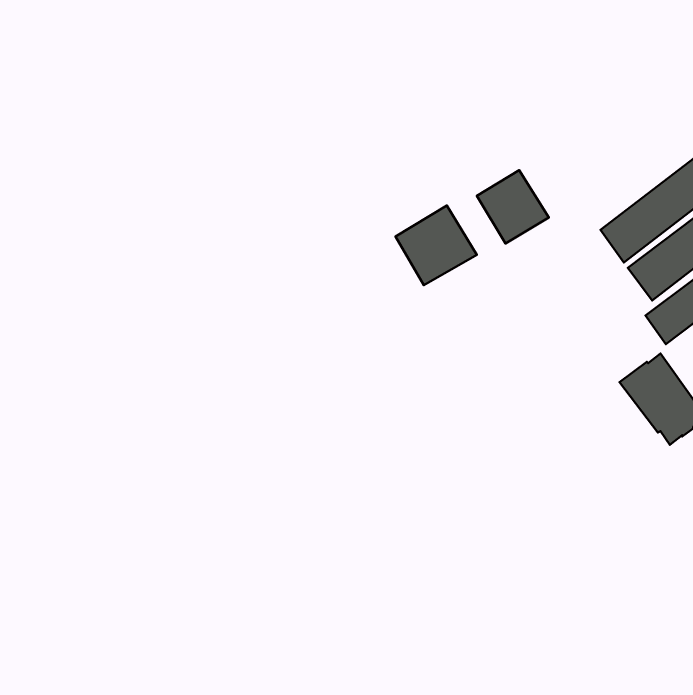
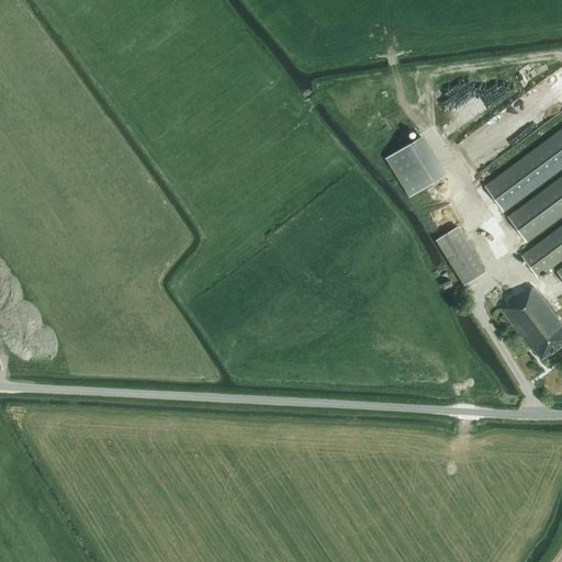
building: [395,205,477,285] -> none
building: none -> [437,226,486,285]

